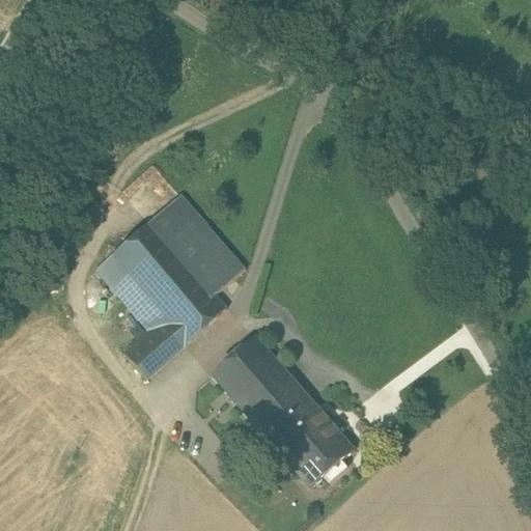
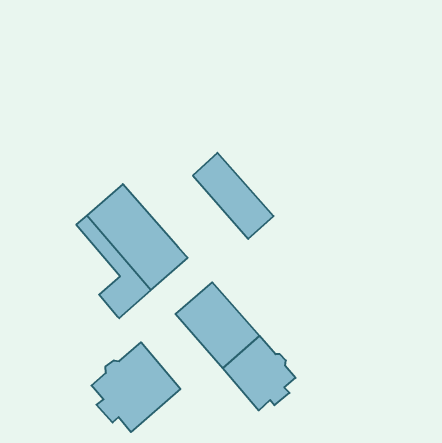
building: [149,192,245,294] -> [193,153,274,239]
building: none -> [91,342,180,432]

